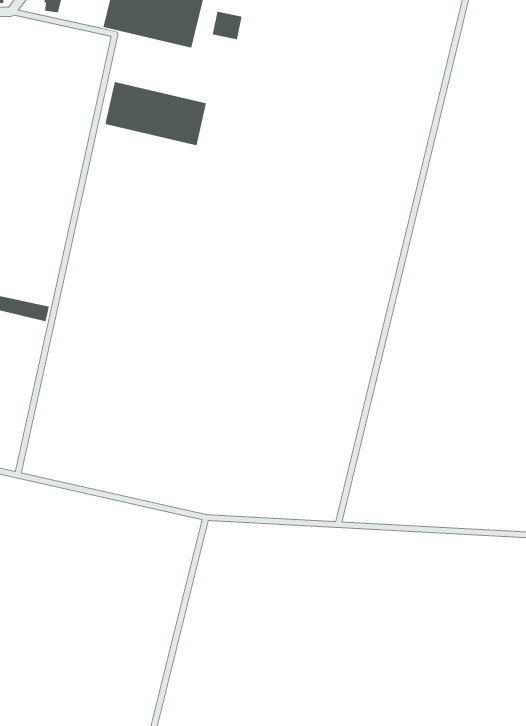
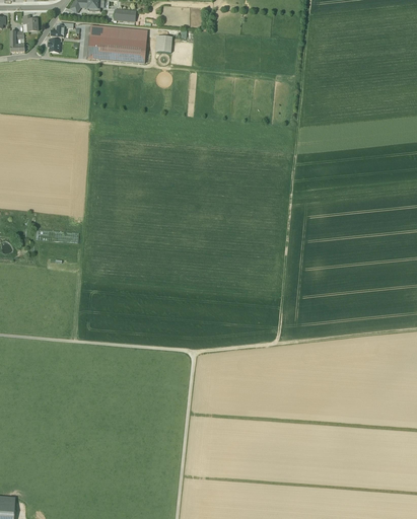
building: [104,81,207,146] -> none

